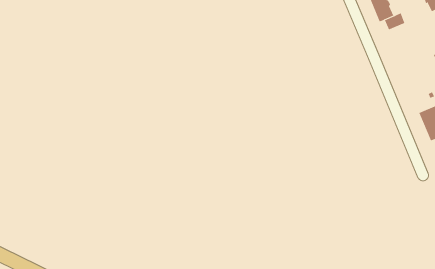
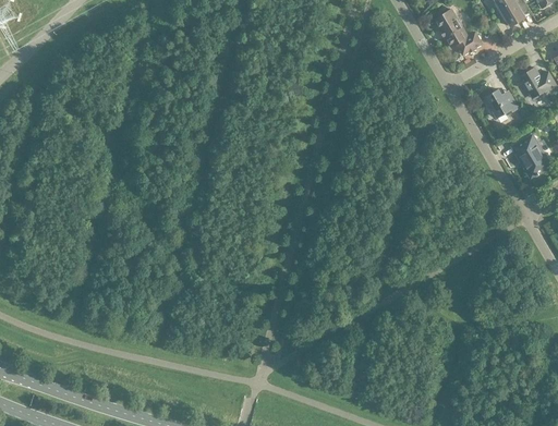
building: none -> [484,89,517,118]

